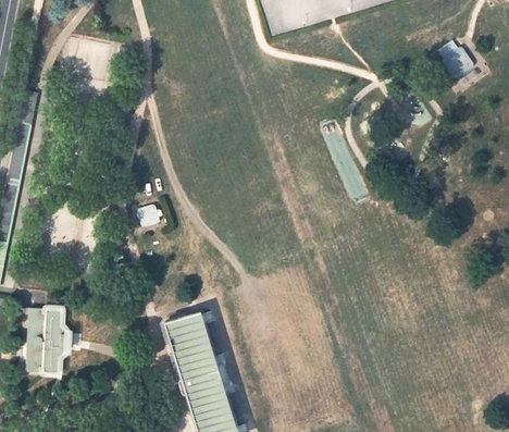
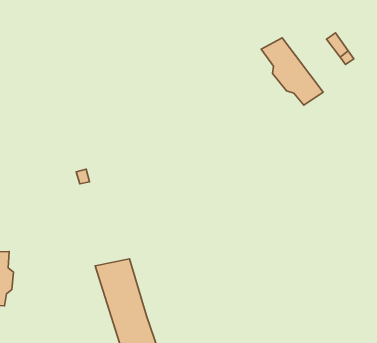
building: none -> [261,38,323,105]

